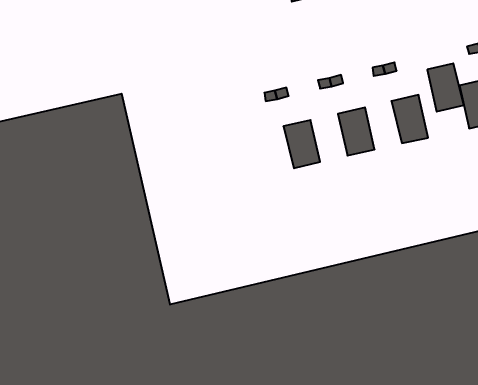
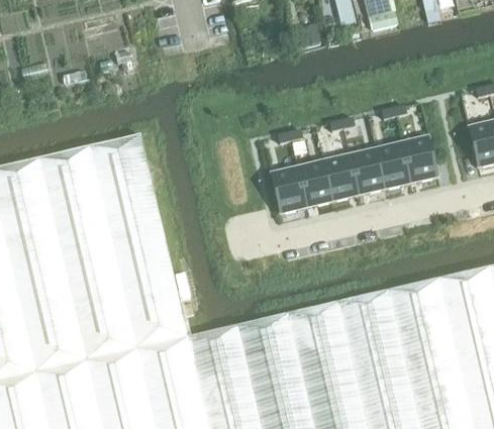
building: [427,63,464,112] -> [376,142,411,189]
building: none -> [323,154,359,201]
building: none -> [272,167,307,213]

